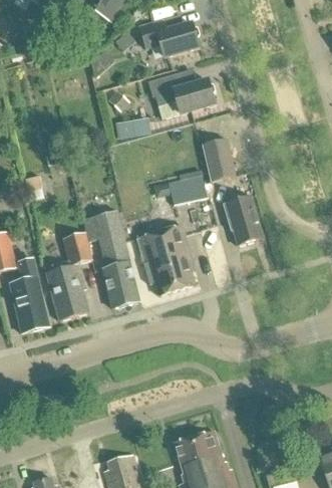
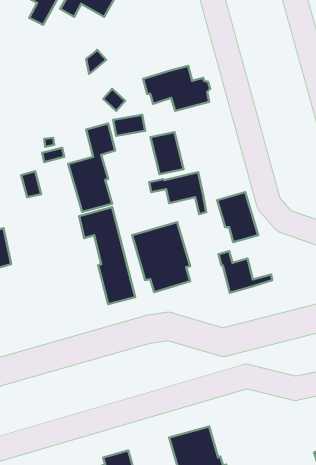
building: [138,18,199,56] -> none
building: [202,139,235,181] -> [151,132,184,174]
building: [45,231,92,319] -> [68,124,115,212]
building: none -> [218,251,272,293]
building: [10,257,49,331] -> none

